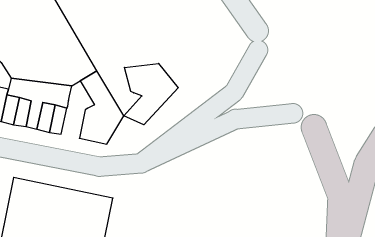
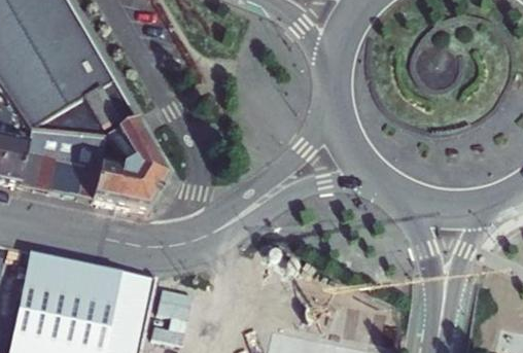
building: [124,63,178,125] -> none
building: none -> [91,153,124,200]

